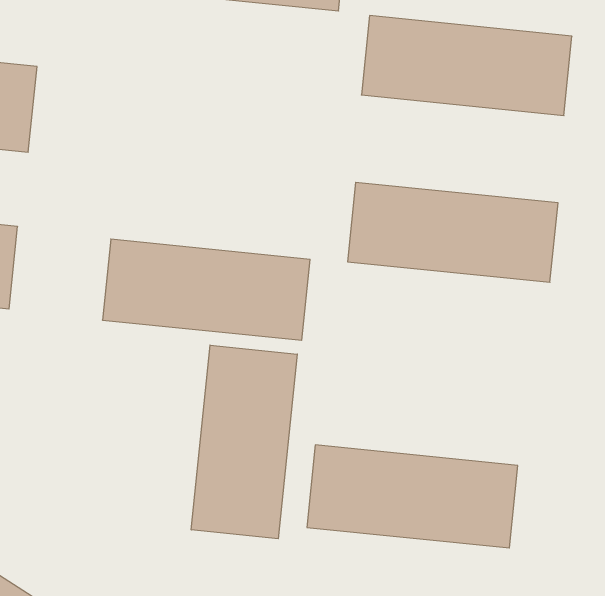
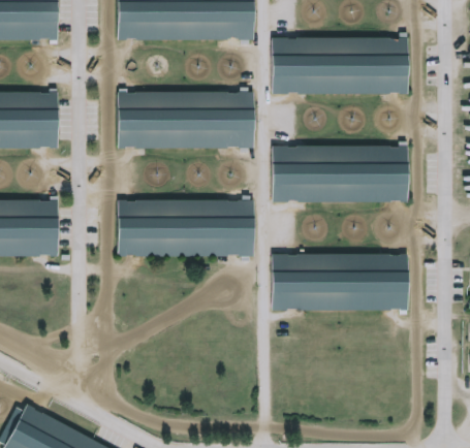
building: none -> [117,93,251,150]
building: [191,345,297,539] -> none
building: [307,445,518,548] -> [273,254,407,309]

